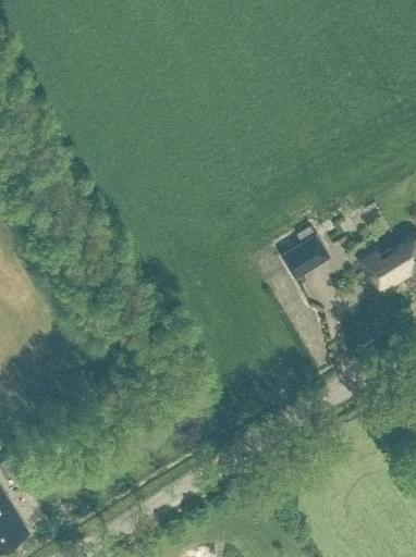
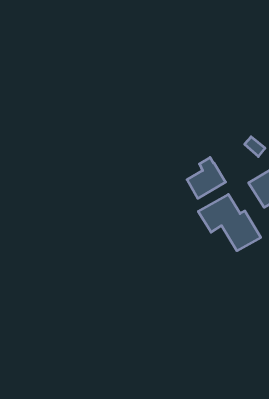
building: none -> [198,194,261,251]

